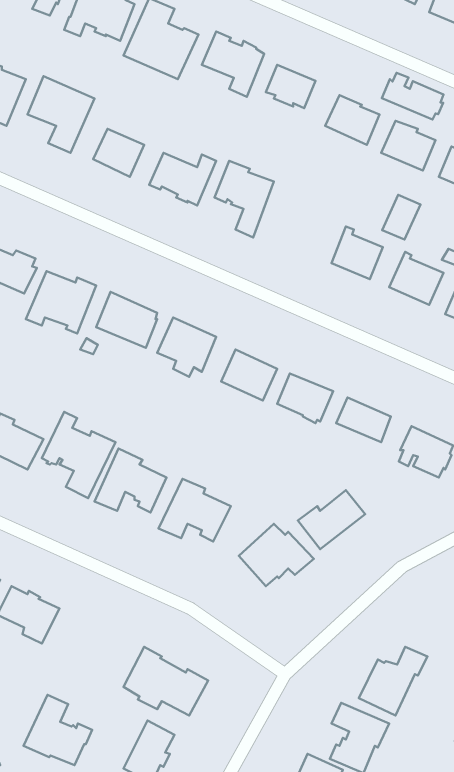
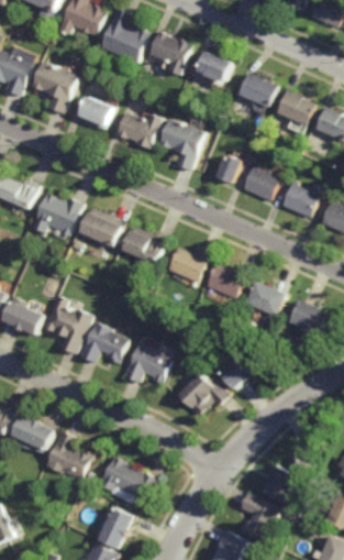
building: [382,73,443,120] -> none
building: [382,195,420,240] -> [212,154,238,185]
building: [23,695,92,765] -> [44,428,91,476]

